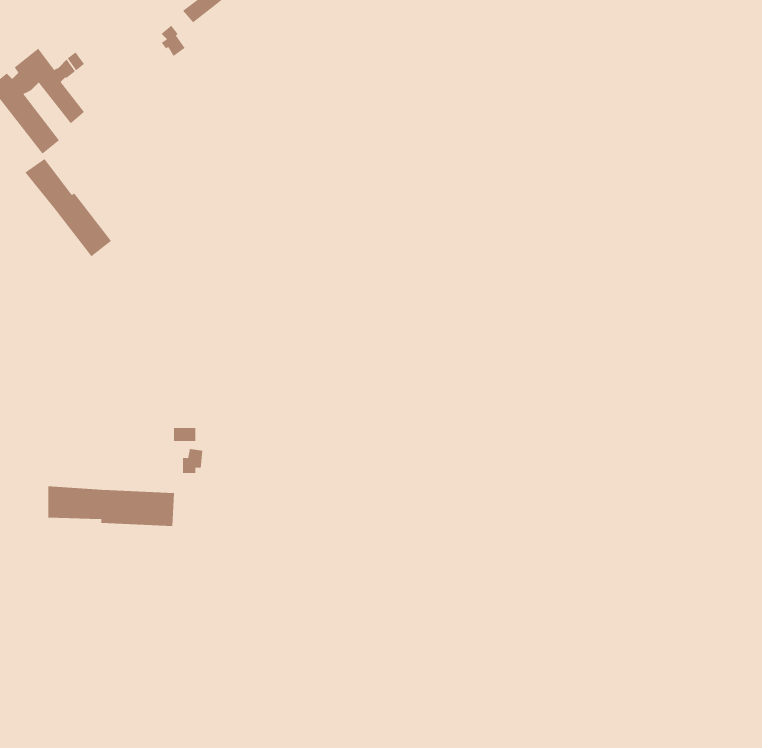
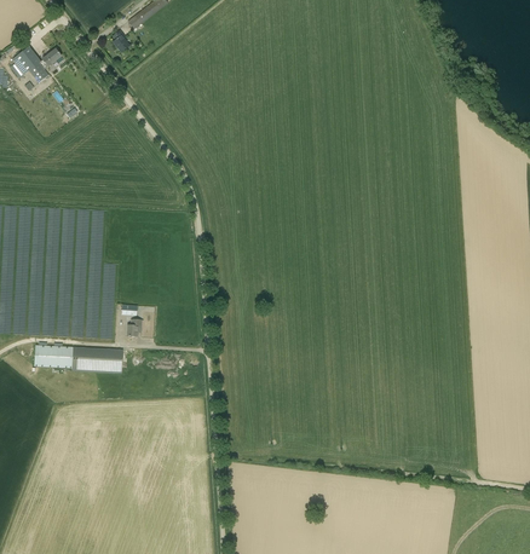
building: [25,158,112,257] -> none

